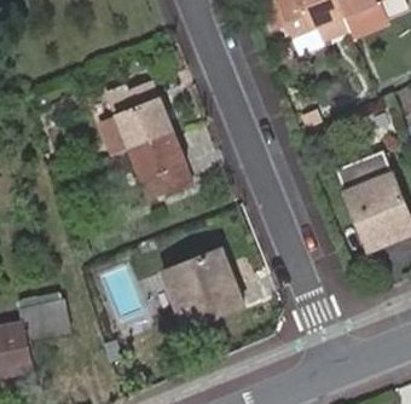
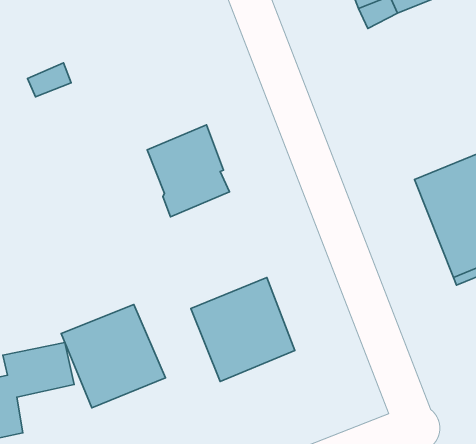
building: [97,81,173,155] -> none
building: none -> [61,304,166,408]

